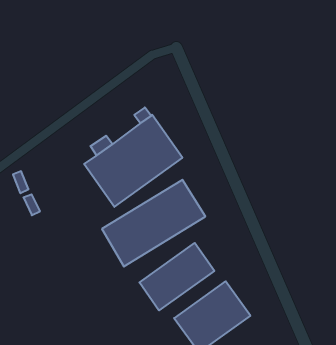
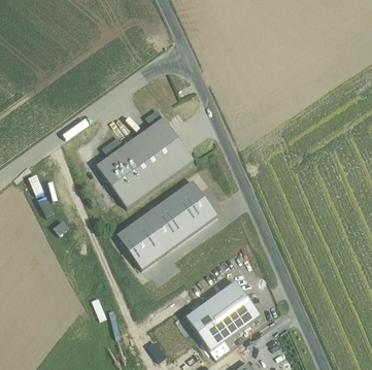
building: [139,243,214,310] -> none

